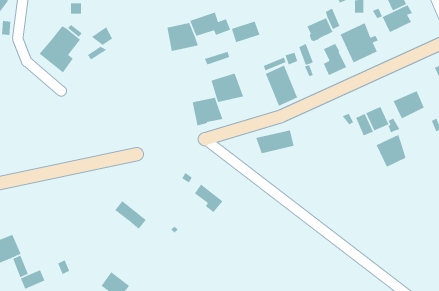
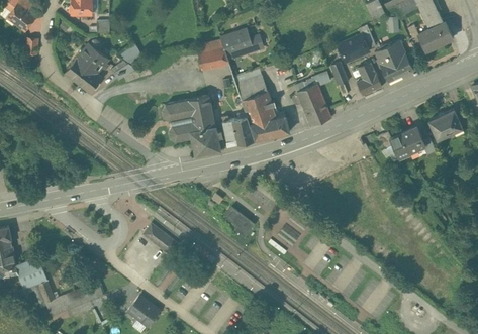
building: [231,20,260,43] -> [236,77,267,100]
building: none -> [162,96,223,154]
building: [255,129,295,154] -> [249,115,289,140]
building: [375,134,406,168] -> none

